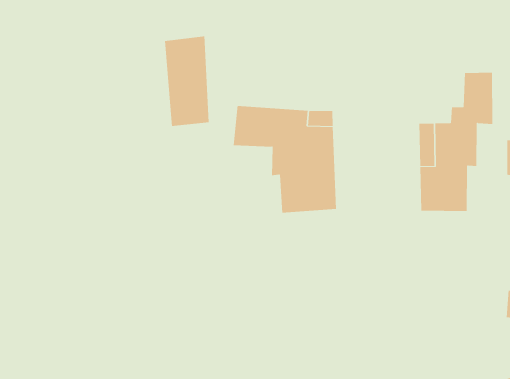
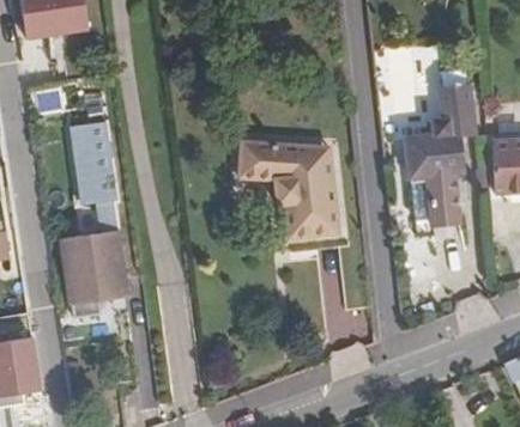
building: [164,36,209,126] -> [71,122,117,207]
building: none -> [52,228,119,300]

